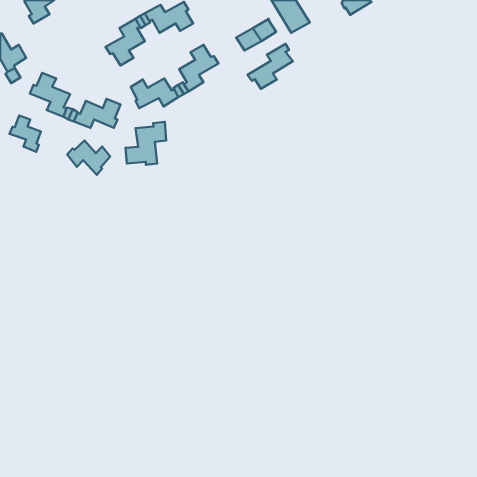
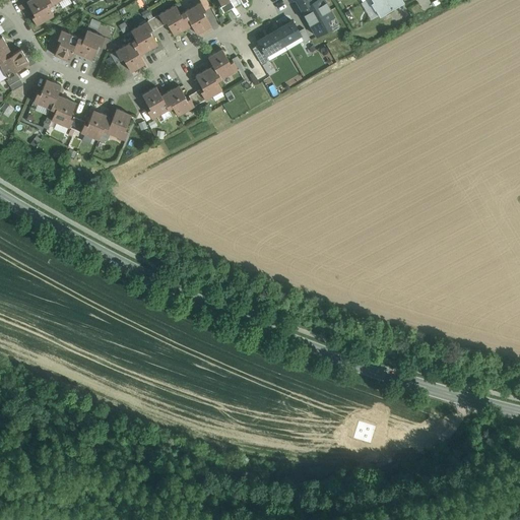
building: none -> [54,29,105,61]
building: [248,44,293,89] -> none
building: [10,116,41,152] -> none
building: [125,122,166,165] -> none
building: [67,140,110,175] -> none

